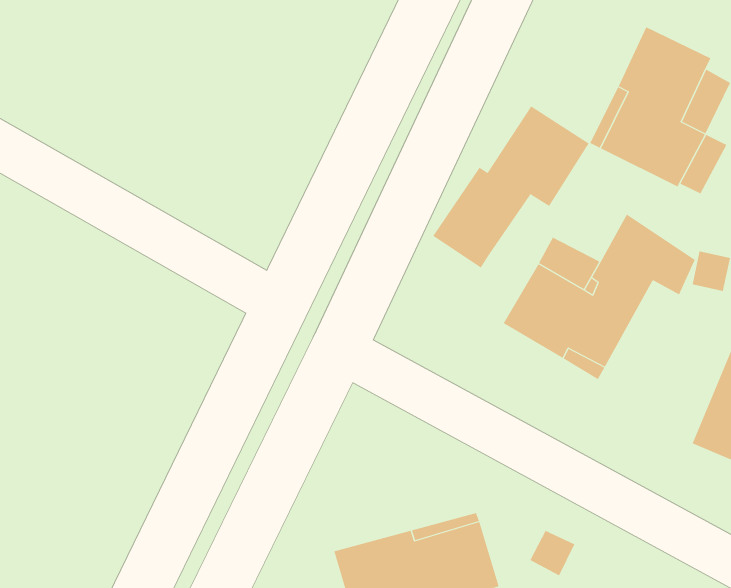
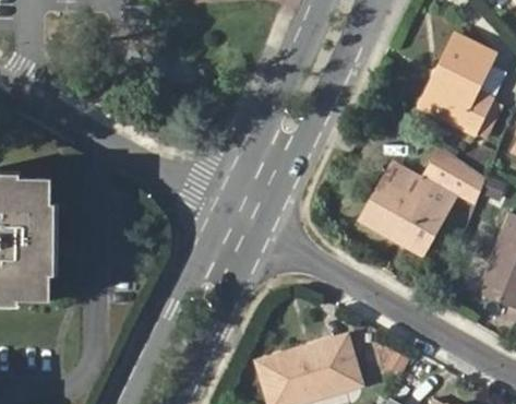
building: [432,106,589,268] -> none

